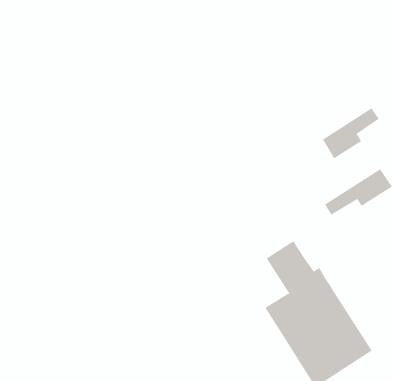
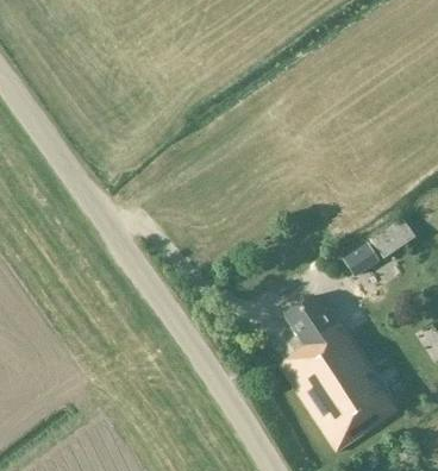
building: [322,108,379,159] -> none

